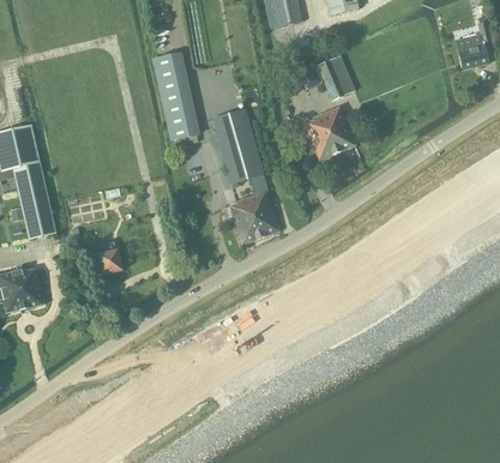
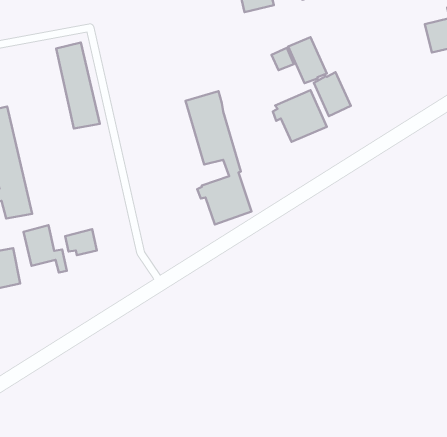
building: [153,52,198,139] -> [56,43,100,129]
building: none -> [314,72,351,116]
building: none -> [23,225,67,272]

